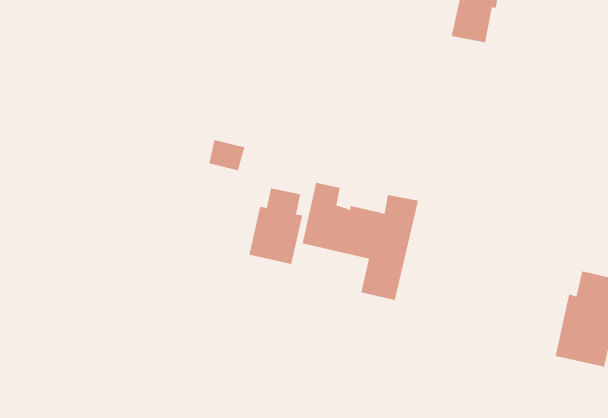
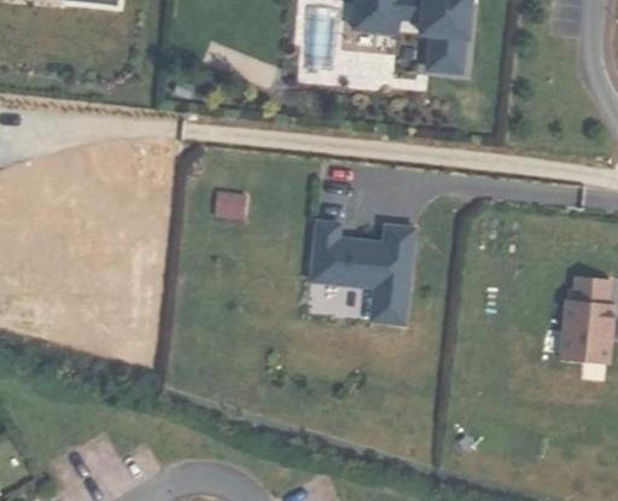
building: [249,187,303,265] -> none

